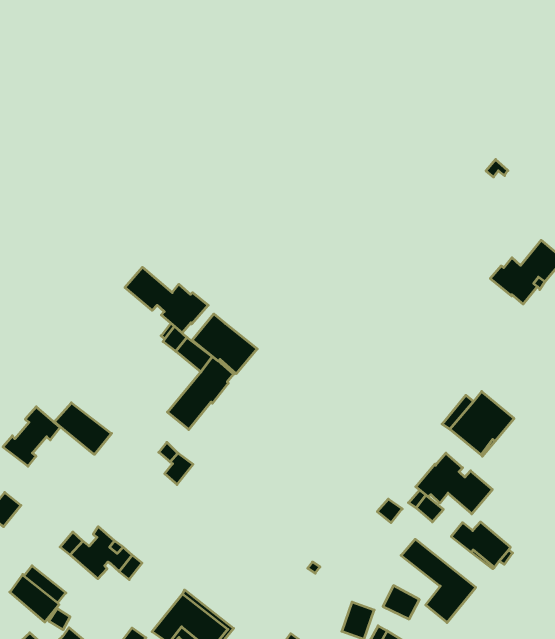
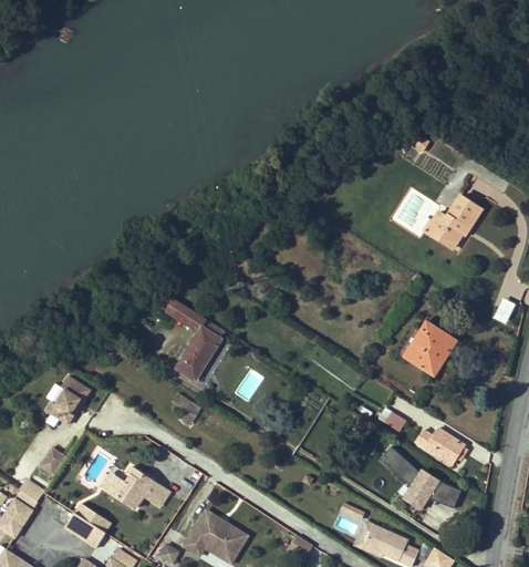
building: [125,267,208,333] -> none
building: [192,314,257,374] -> none
building: [54,403,112,454] -> none
building: [416,453,492,514] -> none
building: [383,586,419,619] -> [433,482,461,507]

